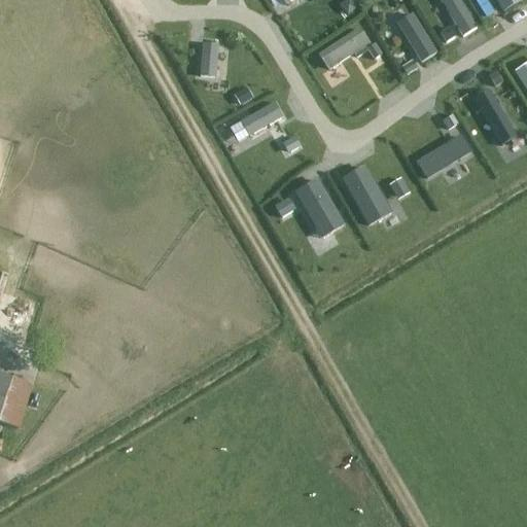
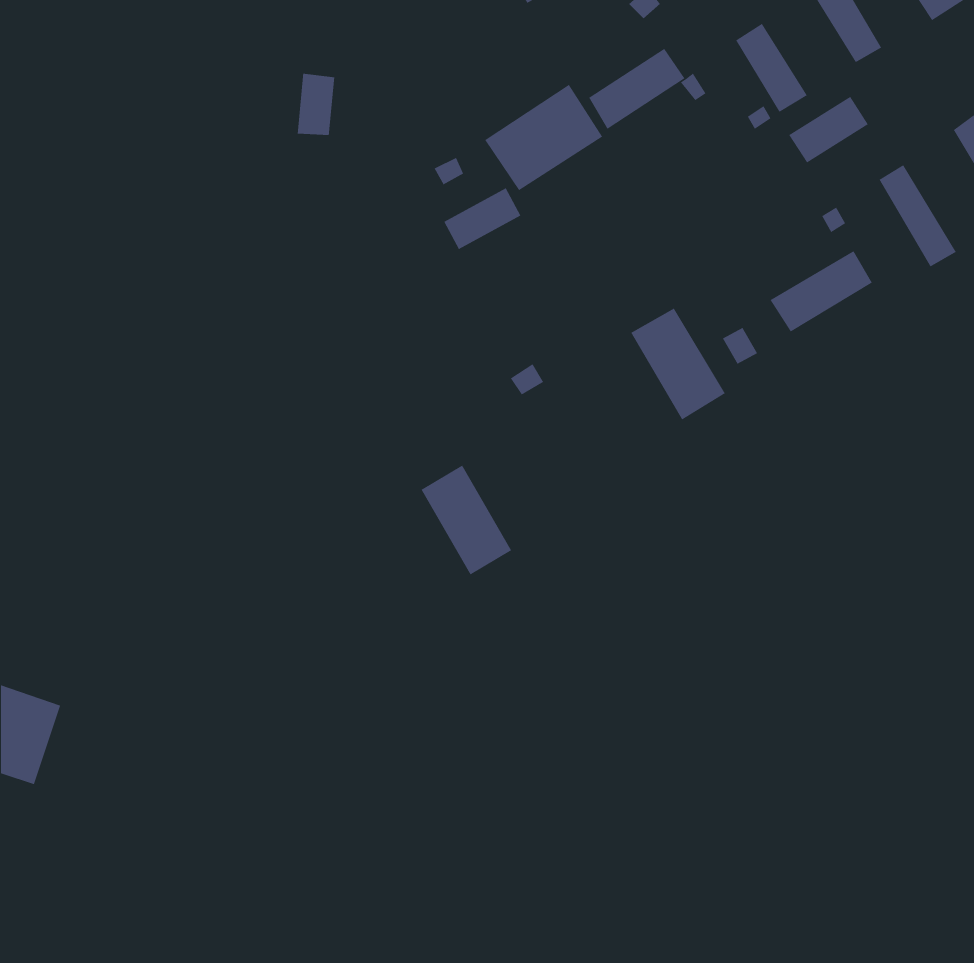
building: [200,41,220,75] -> [297,73,335,136]
building: none -> [484,84,603,191]
building: none -> [788,96,869,164]
building: [294,178,344,238] -> [421,465,512,575]

